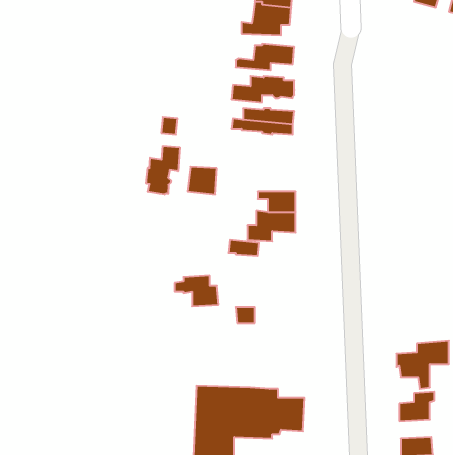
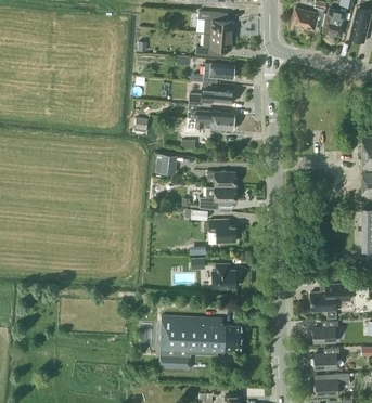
building: [146,146,180,195] -> none
building: [175,276,218,306] -> [204,218,236,240]
building: none -> [211,263,238,288]

